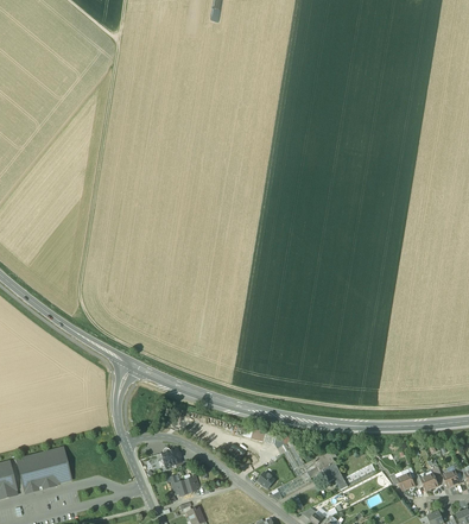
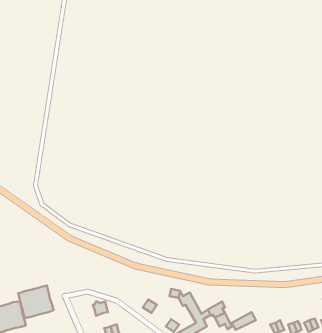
building: none -> [18,285,53,318]

